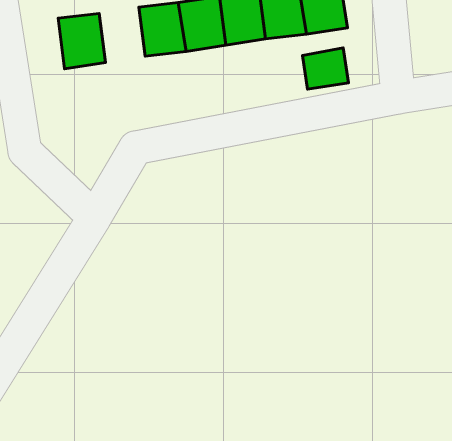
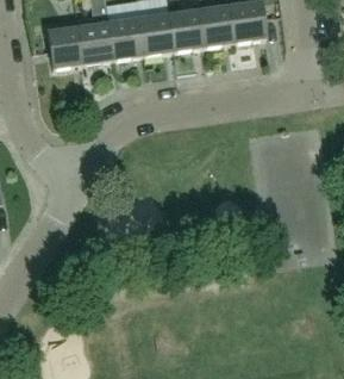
building: none -> [77,21,112,63]
building: [302,48,349,89] -> none

